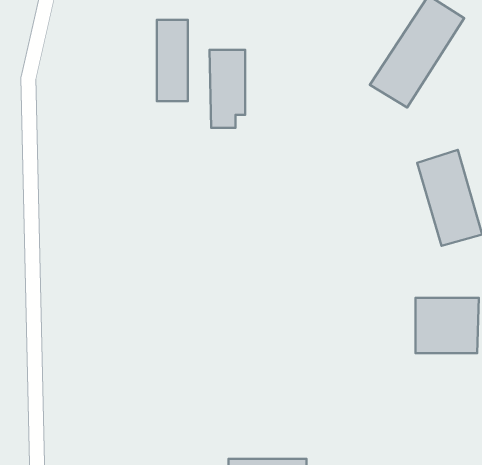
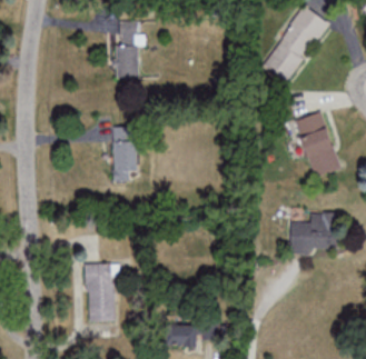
building: [210,50,245,128] -> [112,128,137,181]
building: none -> [86,263,113,321]

